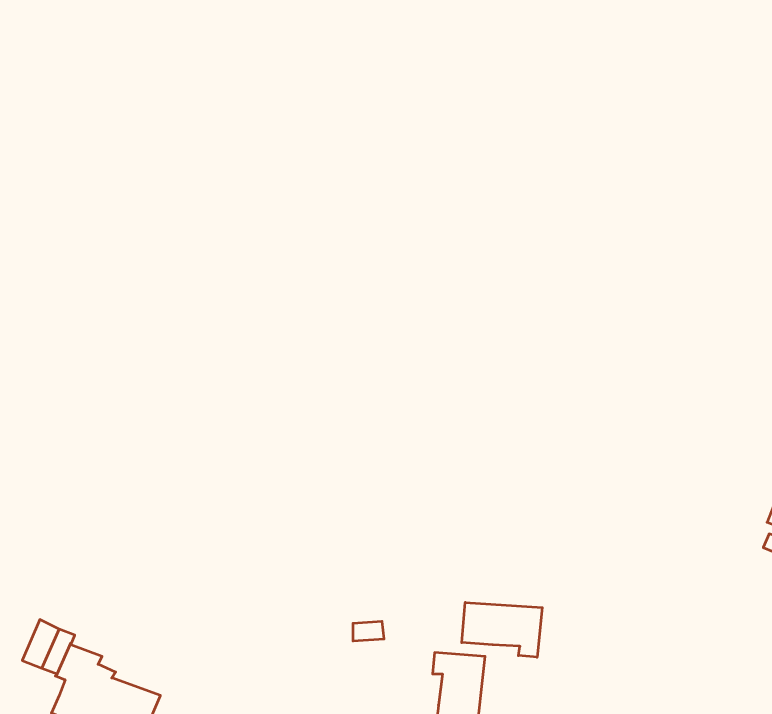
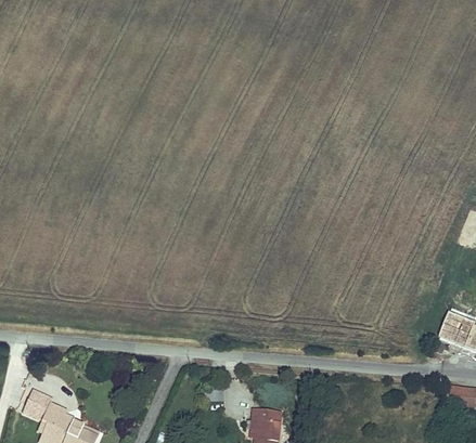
building: [462,602,542,657] -> none

